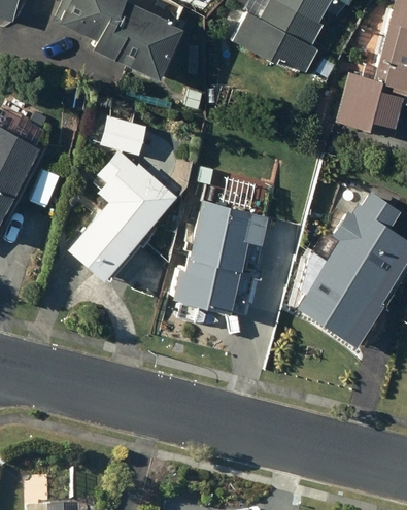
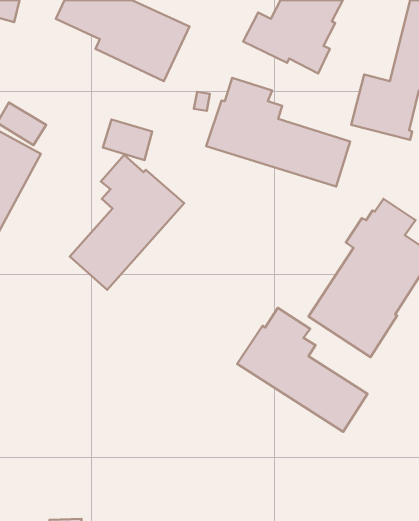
building: none -> [206,78,350,187]
building: [172,200,267,313] -> none
building: none -> [237,308,368,432]

